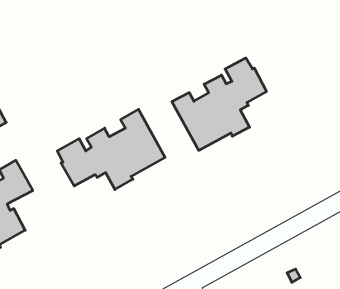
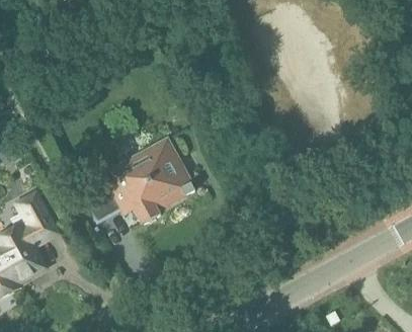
building: [172,58,266,150] -> none

